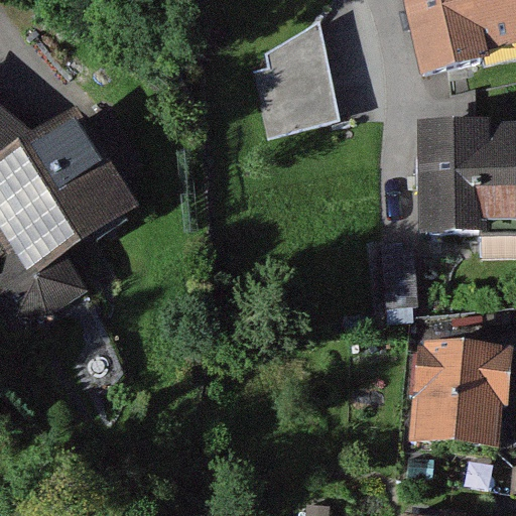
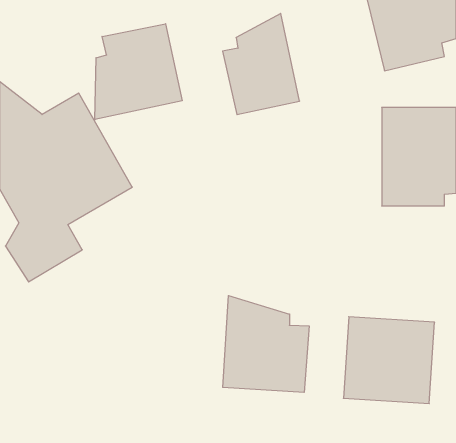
building: none -> [95,24,182,120]
building: none -> [223,296,309,392]

